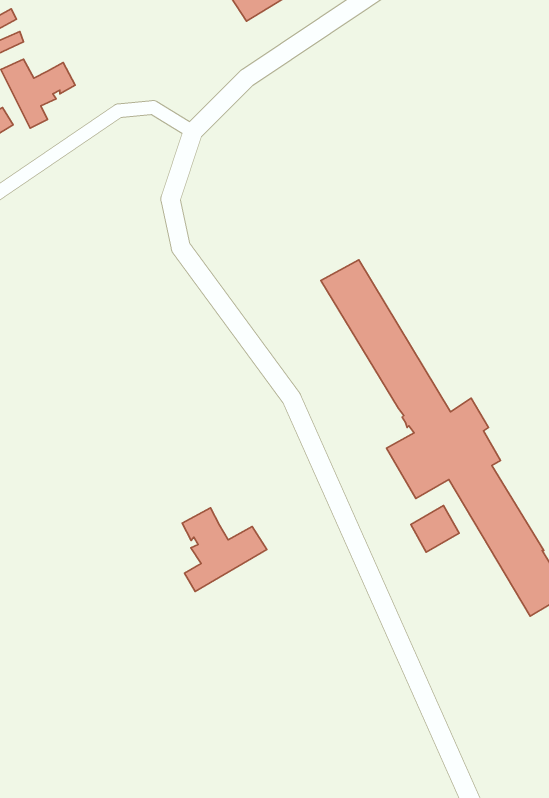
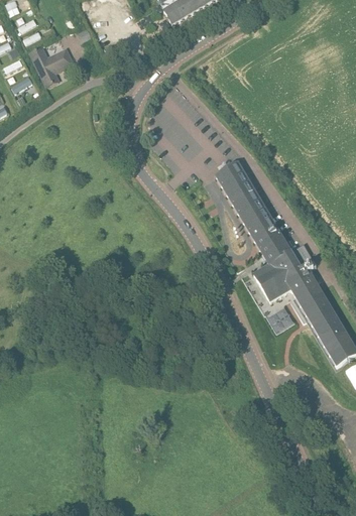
building: [182,508,267,592] -> none

